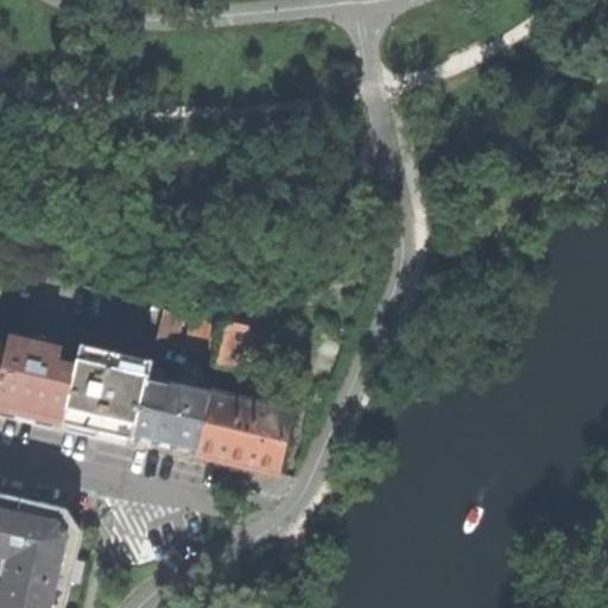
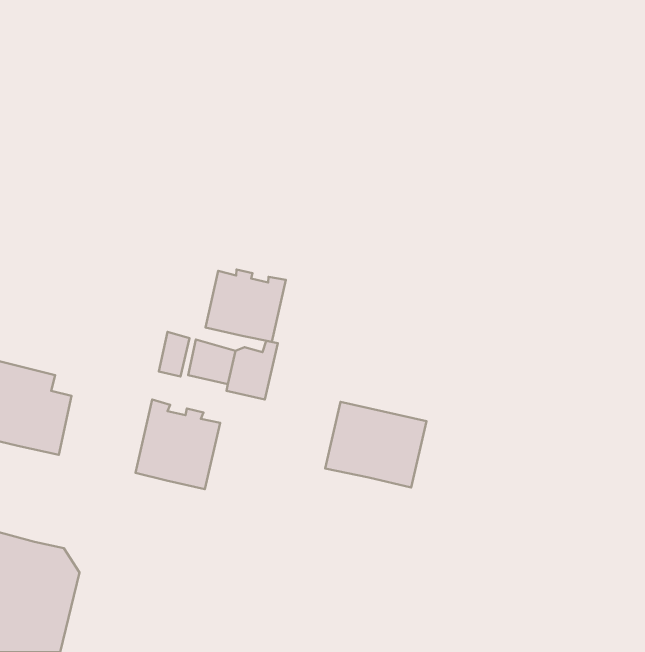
building: none -> [205,270,286,342]
building: [55,343,144,438] -> none
building: [190,392,284,471] -> [325,402,426,488]

